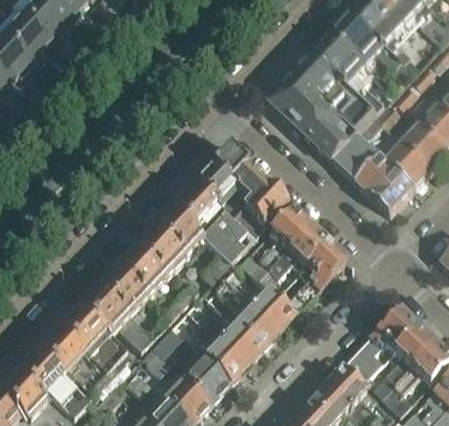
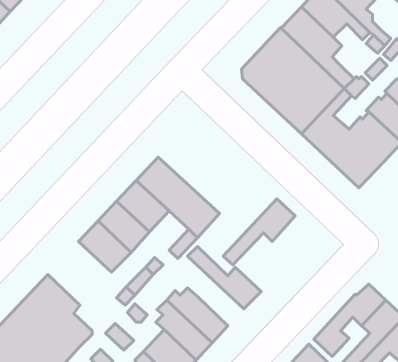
building: [193,145,288,238] -> none
building: [251,206,310,280] -> none
building: [288,240,346,310] -> none
building: [85,265,151,349] -> none
building: [214,280,277,348] -> none

